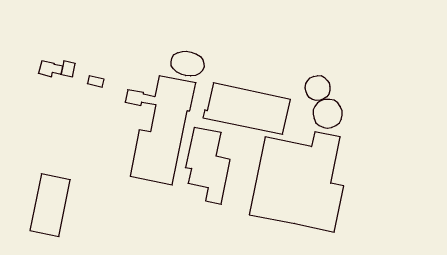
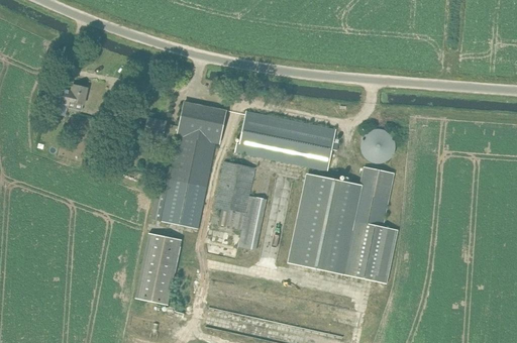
building: [171,51,204,76] -> none
building: [305,76,330,100] -> none
building: [30,174,70,237] -> [134,232,181,305]

